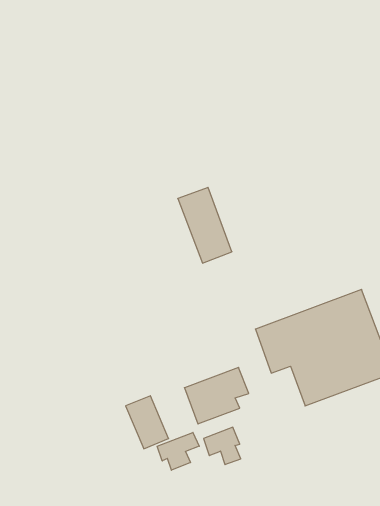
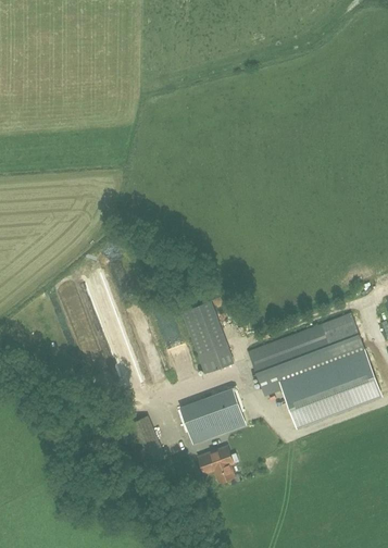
building: [178,187,232,263] -> [182,300,234,373]
building: [157,432,199,470] -> none

